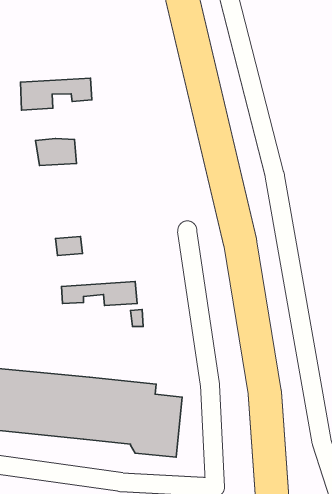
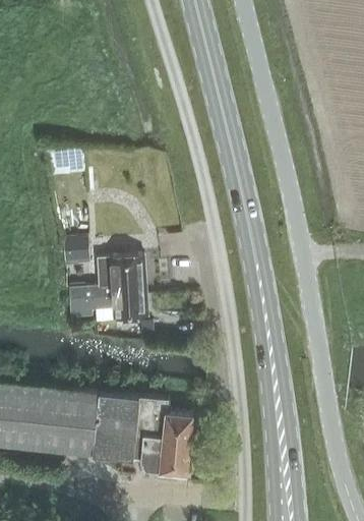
building: [21,78,92,110] -> none
building: none -> [68,255,144,300]

